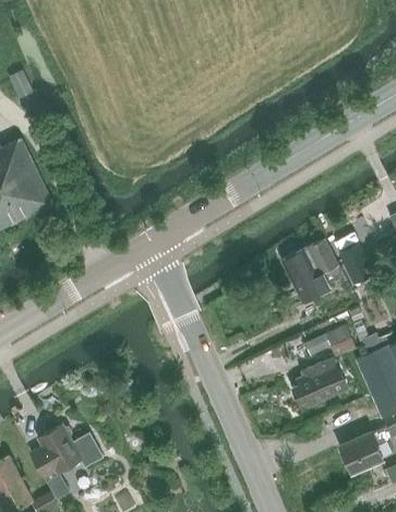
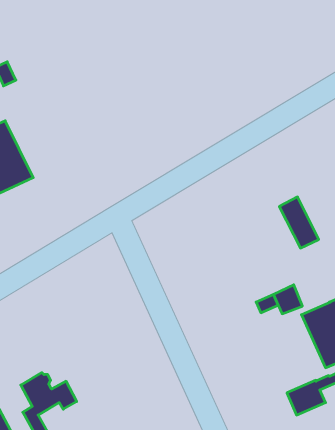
building: [281,240,339,302] -> none
building: [292,358,344,407] -> none

